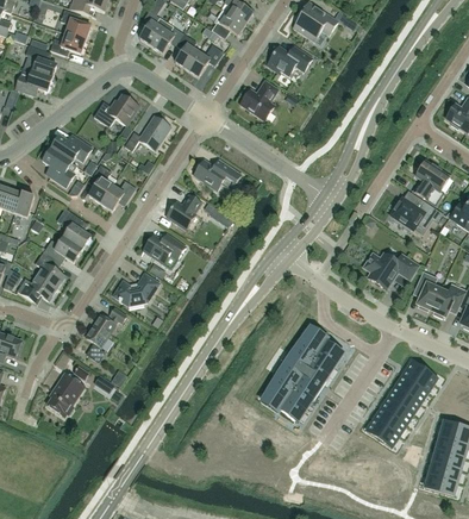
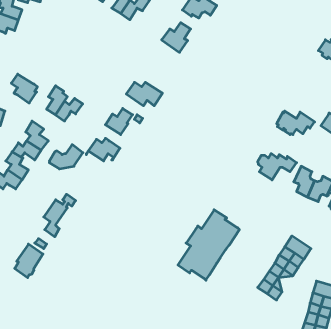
building: [93,94,138,126] -> none
building: [124,115,170,150] -> none
building: [50,135,92,162] -> none
building: [413,161,449,205] -> none
building: [114,273,158,305] -> [49,145,83,169]

